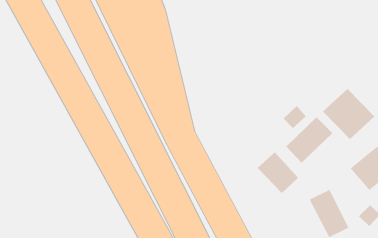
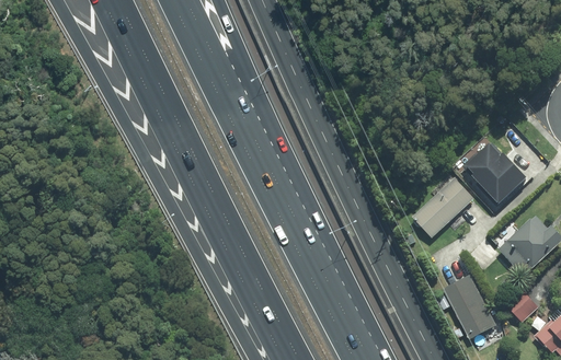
building: [283,105,306,129] -> none
building: [257,152,299,194] -> none

